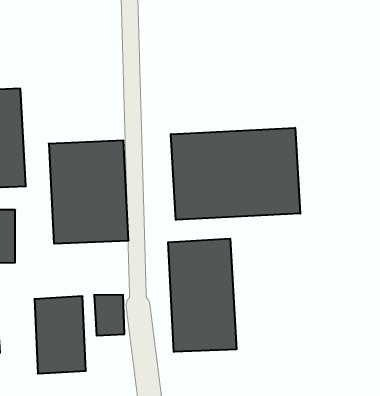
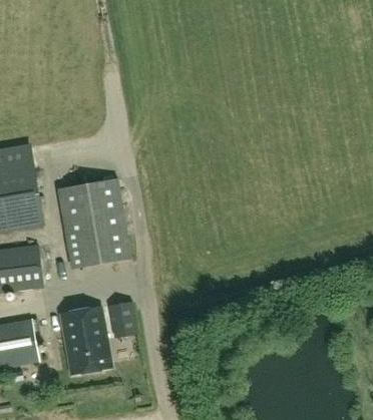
building: [171,128,300,220] -> none
building: [168,239,236,352] -> none

